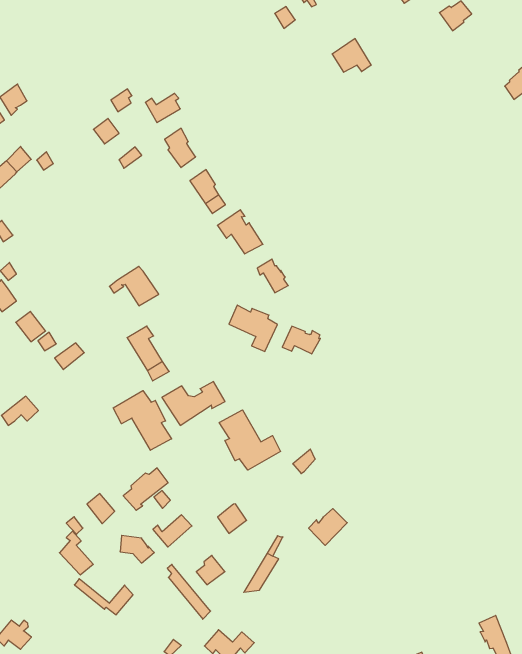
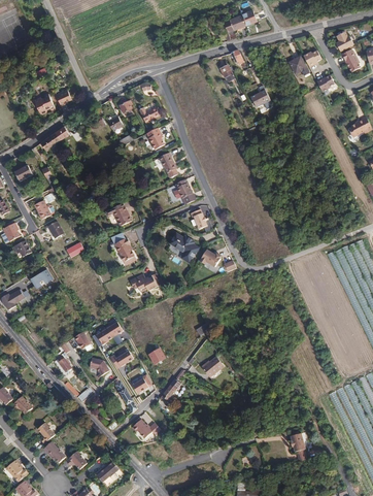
building: [113,391,172,450] -> none
building: [219,410,281,470] -> none

